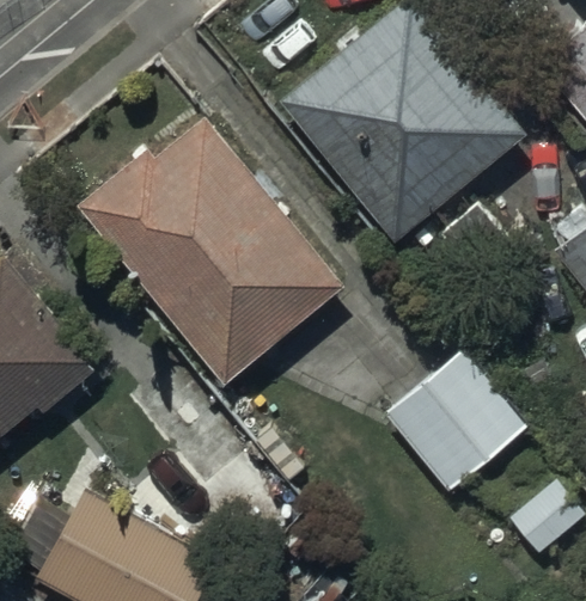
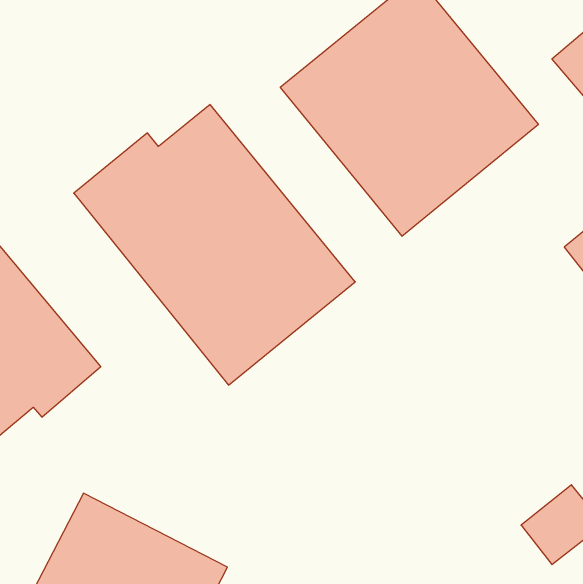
building: [383,352,529,497] -> none

